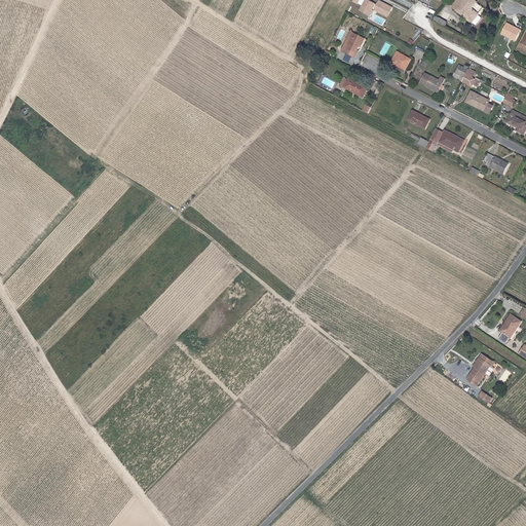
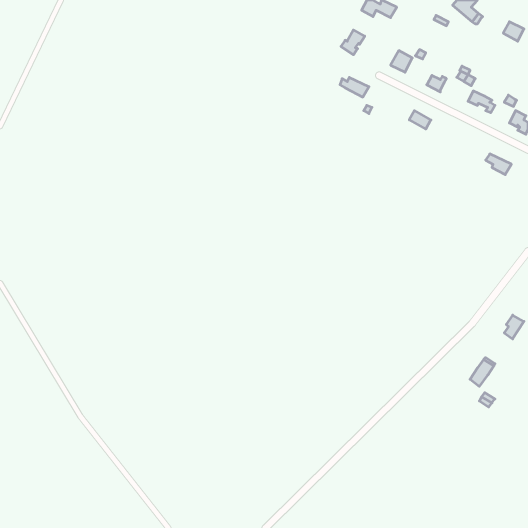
building: [424,128,462,152] -> none

